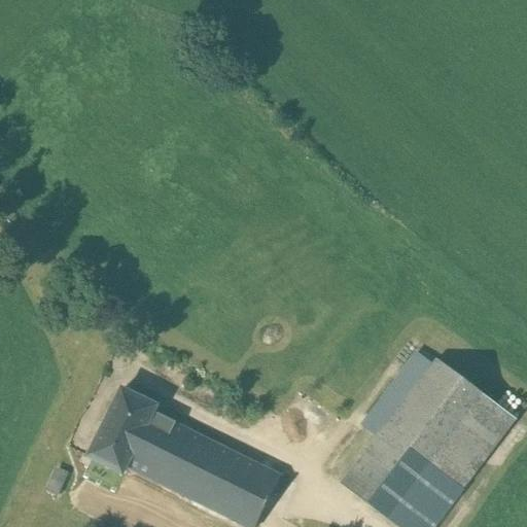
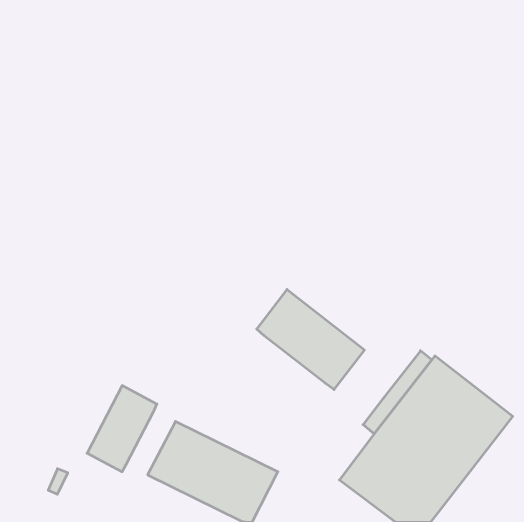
building: none -> [257,289,364,390]
building: [127,413,176,477] -> none

